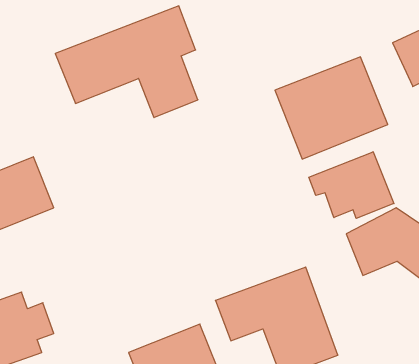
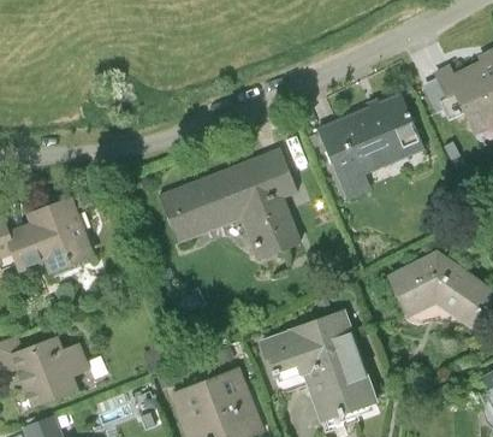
building: [55,6,198,118] -> [155,148,299,261]
building: [309,152,394,218] -> none

